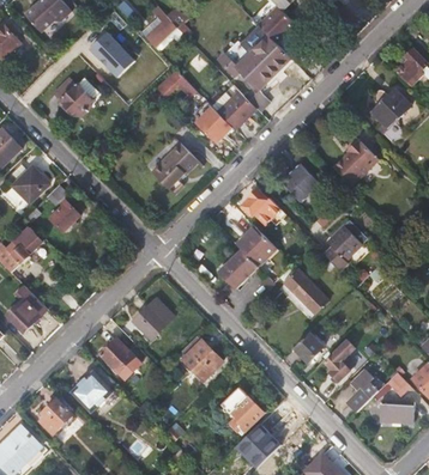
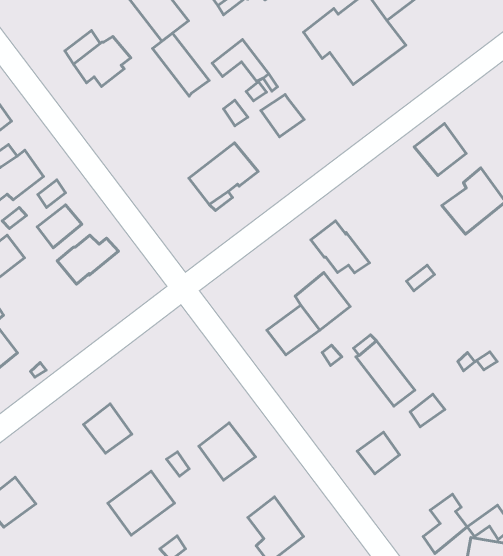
building: none -> [153,33,209,96]
building: [213,90,256,129] -> none
building: [282,163,319,200] -> [414,123,466,176]
building: none -> [57,235,119,284]
building: [321,220,365,270] -> none
building: [133,298,175,339] -> none
building: [325,341,354,382] -> none
building: [71,365,117,412] -> [108,471,175,535]

